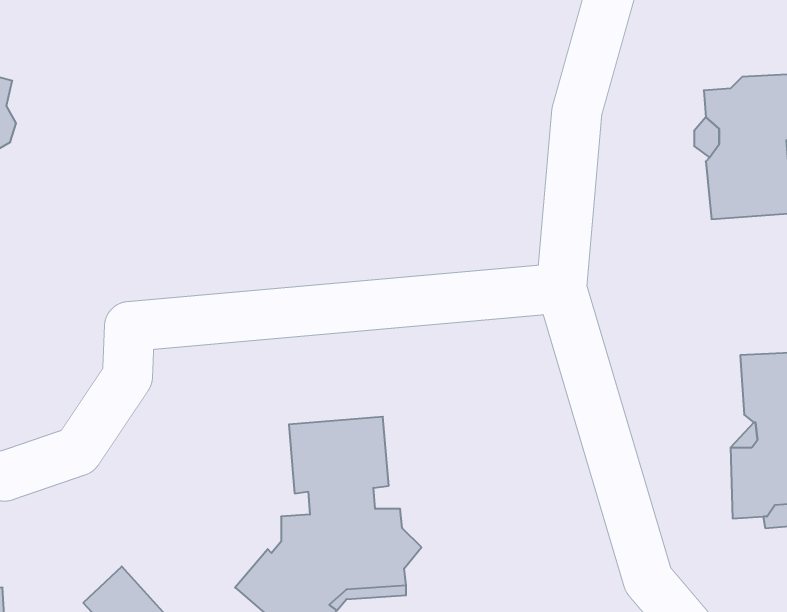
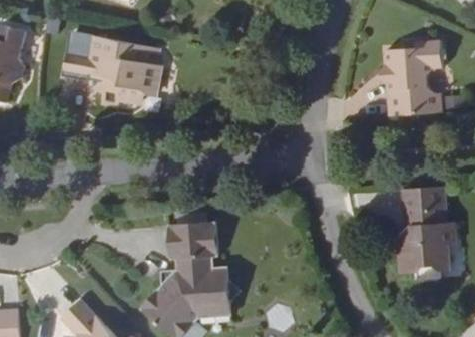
building: none -> [64,33,162,107]

